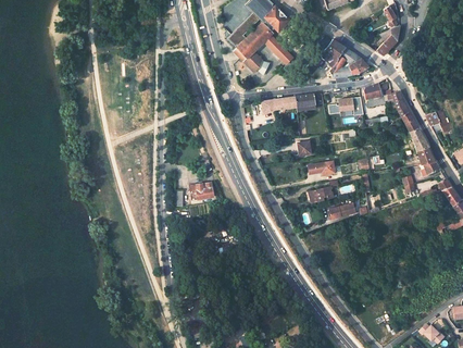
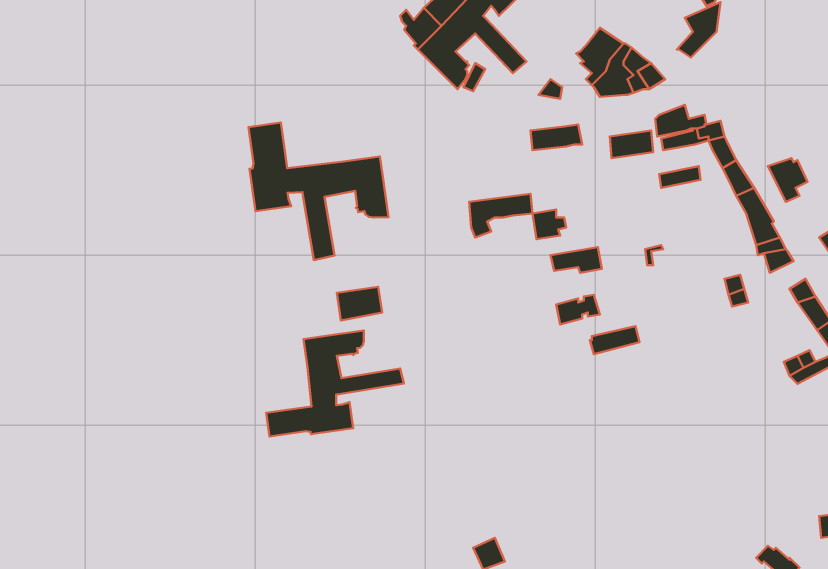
building: none -> [248,123,389,260]
building: [262,96,297,120] -> [469,194,533,237]
building: none -> [266,331,404,436]

